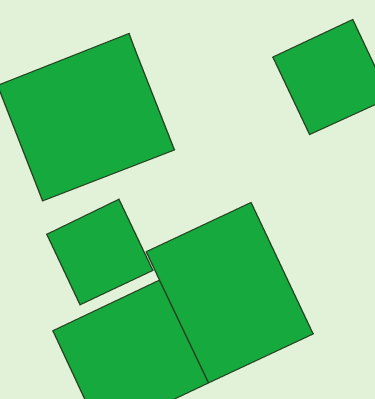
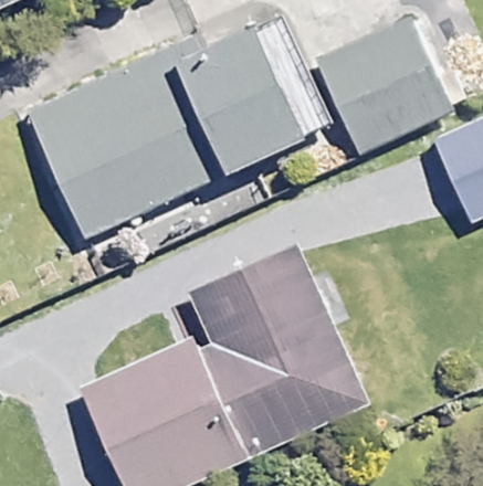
building: none -> [172,24,312,179]
building: [47,199,153,305] -> none

